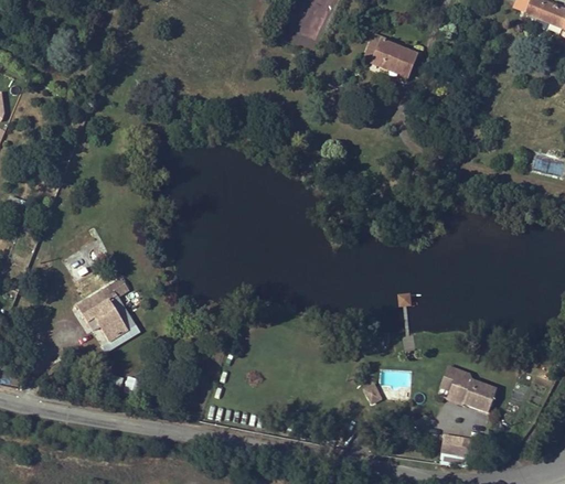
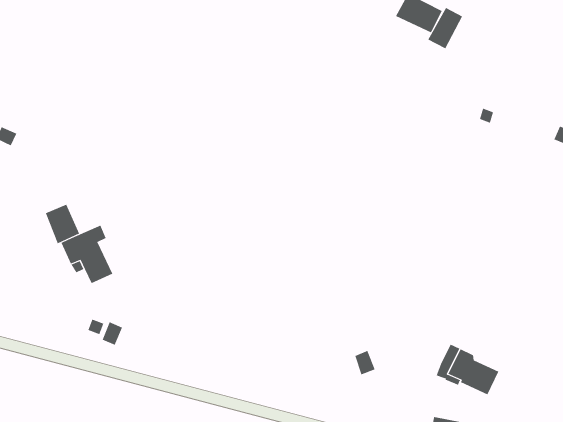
building: none -> [428,7,463,49]
building: none -> [45,204,80,244]

